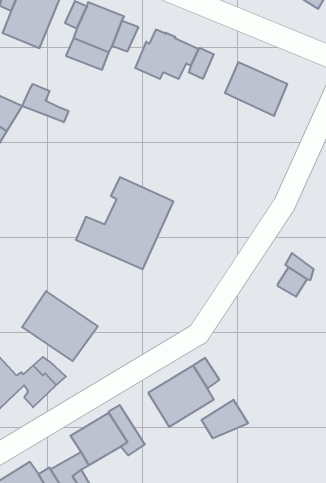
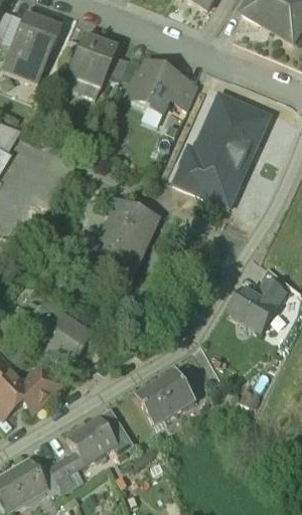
building: [22,84,68,122] -> none
building: none -> [174,121,254,204]
building: none -> [232,290,275,329]
building: [202,400,248,438] -> none

